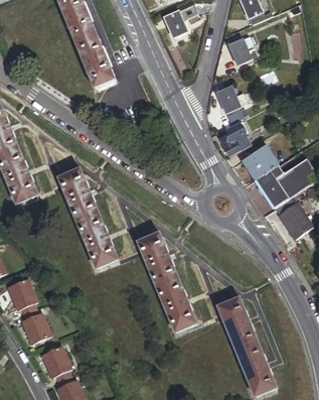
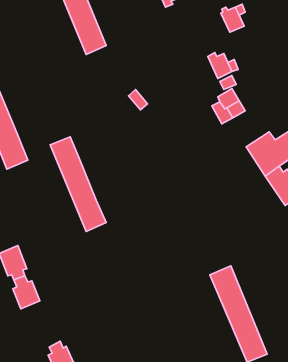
building: [242,146,278,180] -> none
building: [138,235,195,330] -> none
building: [41,347,68,381] -> none

